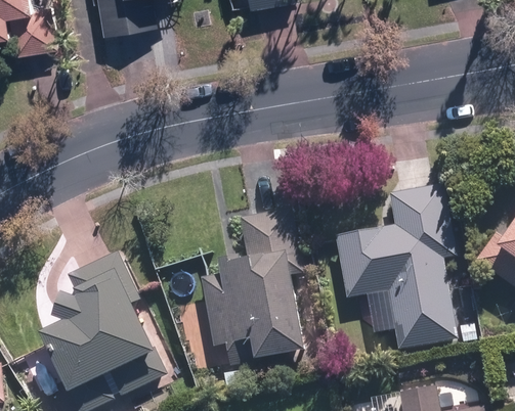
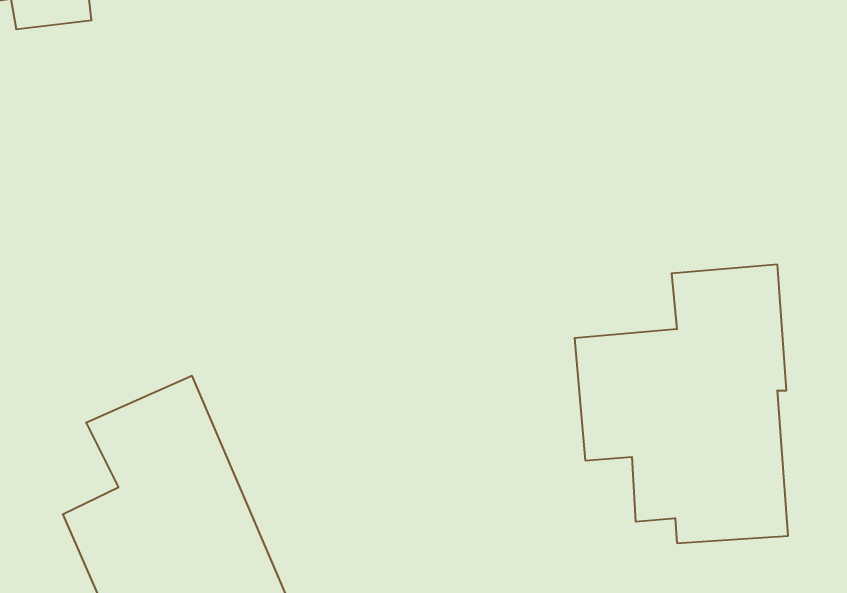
building: [201,211,305,366] -> none

